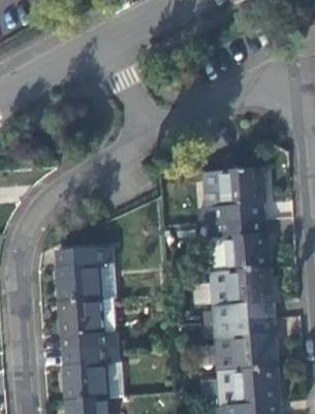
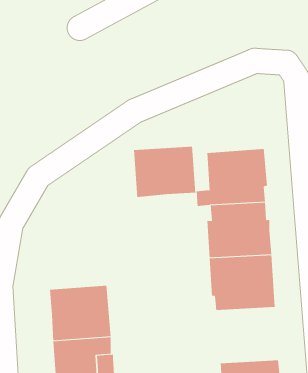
building: none -> [133,146,196,198]
building: [54,245,111,299] -> none
building: [213,316,273,369] -> none

